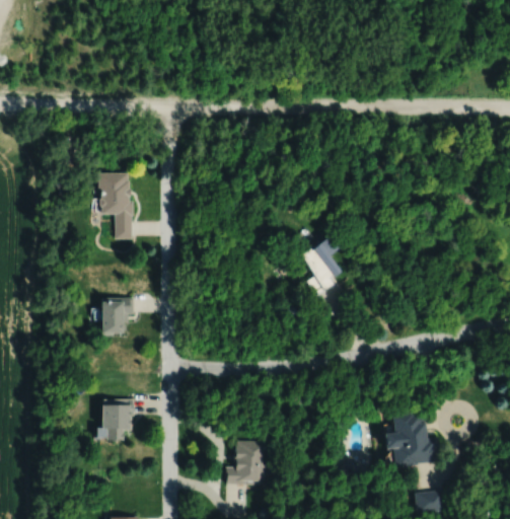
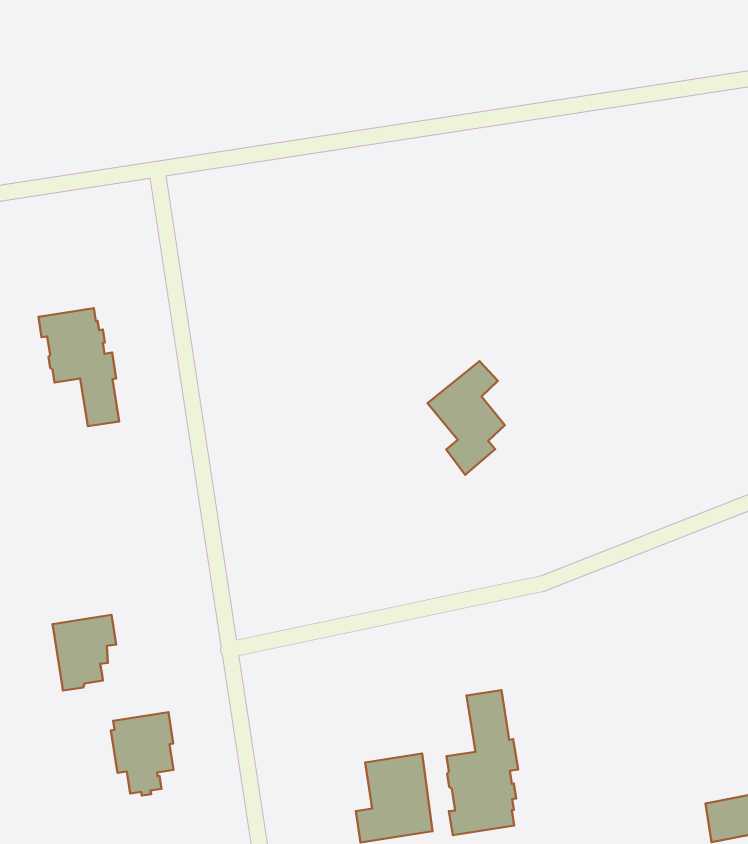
building: [101,297,134,333] -> [53,615,116,691]
building: [383,413,438,468] -> none
building: none -> [447,690,518,835]

